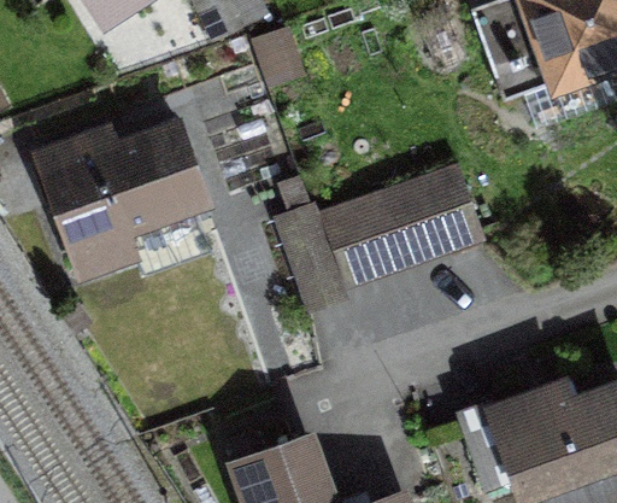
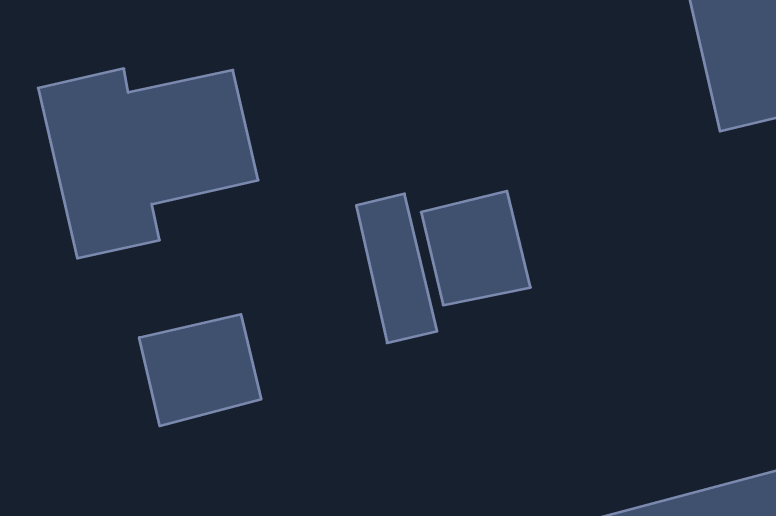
building: [388,165,481,257] -> none
building: none -> [139,314,261,426]

